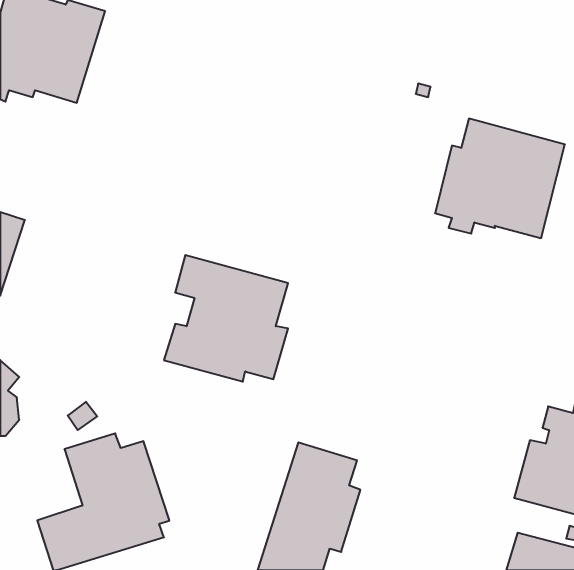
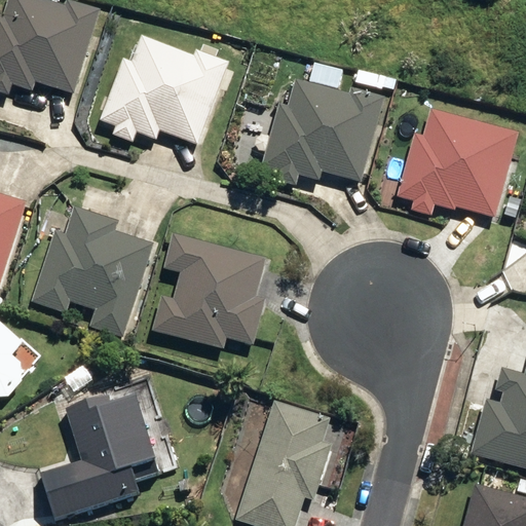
building: none -> [102,35,228,144]
building: none -> [263,78,383,182]
building: none -> [32,208,152,334]

